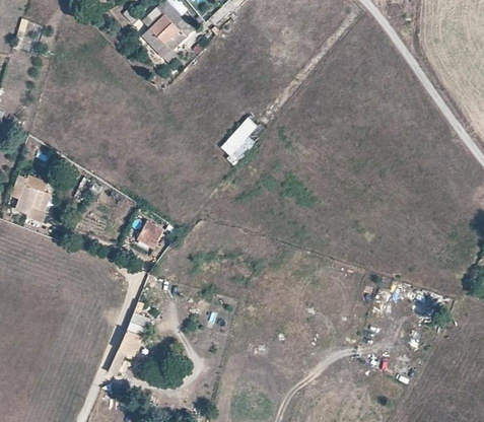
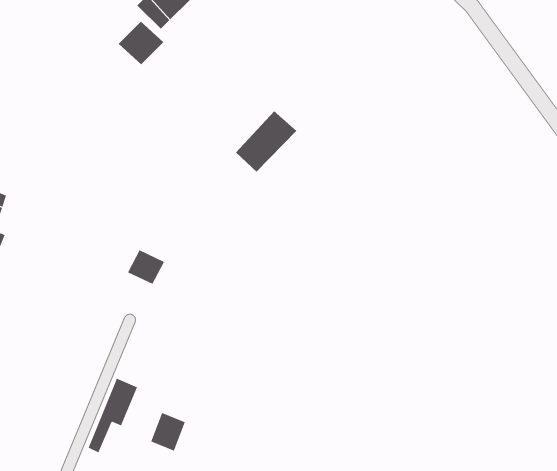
building: none -> [118,21,164,65]
building: none -> [151,412,185,452]

